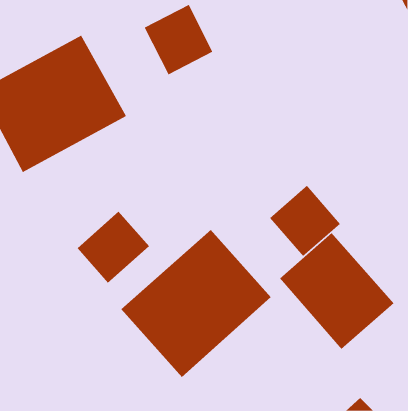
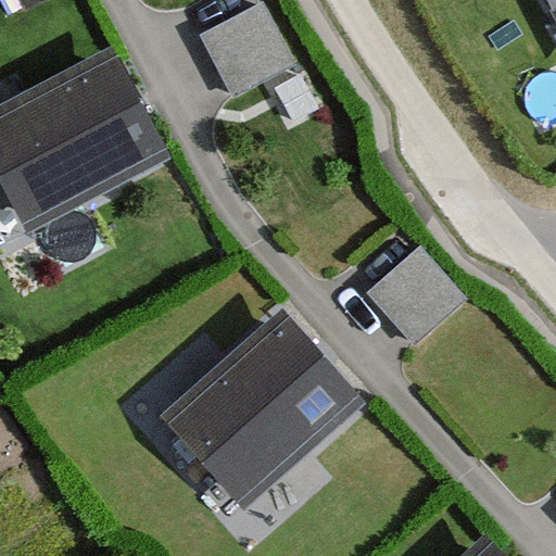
building: [77,211,150,283] -> none
building: [279,232,394,350] -> none

